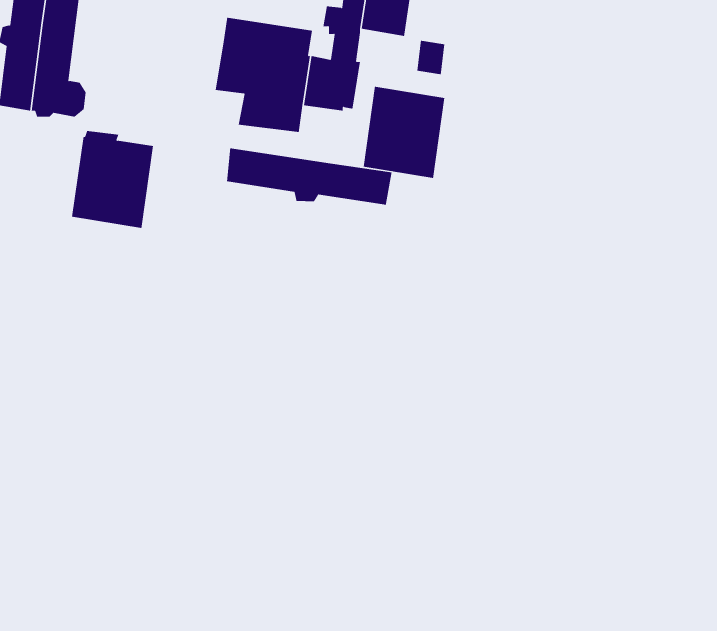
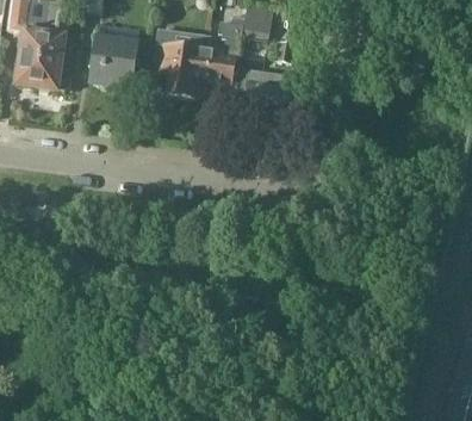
building: [71,131,154,228] -> [87,29,138,89]
building: [226,147,392,206] -> none

